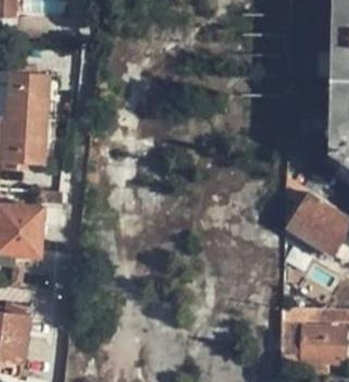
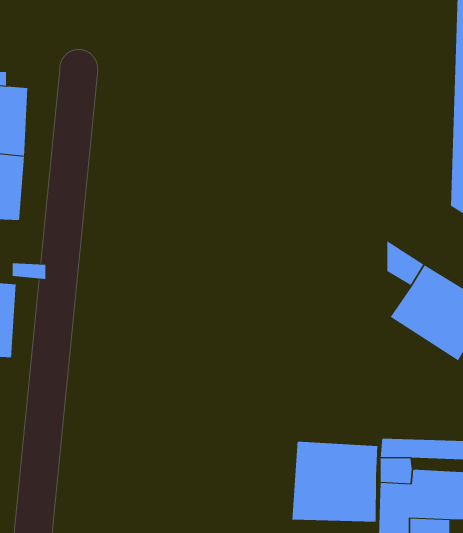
building: none -> [292,441,378,523]

